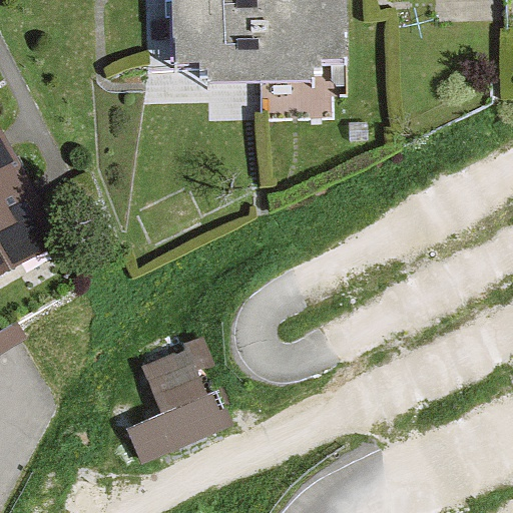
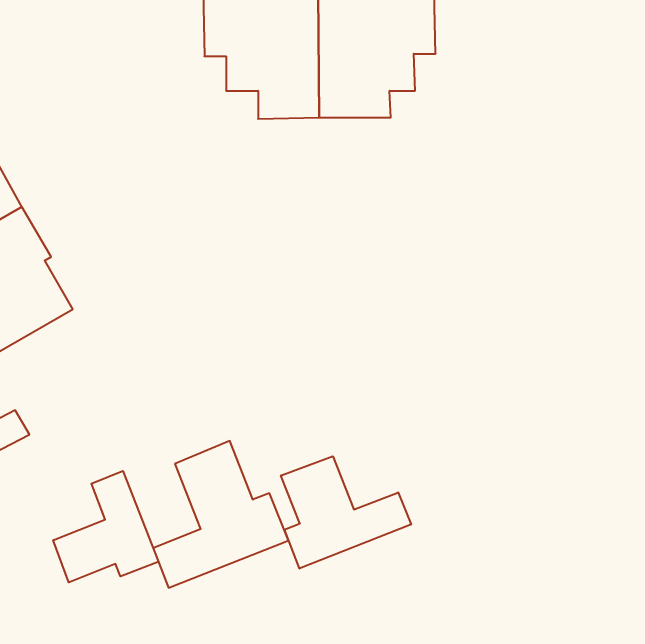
building: none -> [281,456,411,569]
building: none -> [53,471,159,582]

